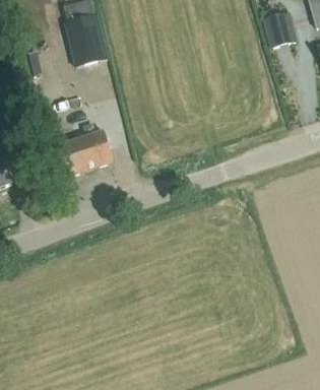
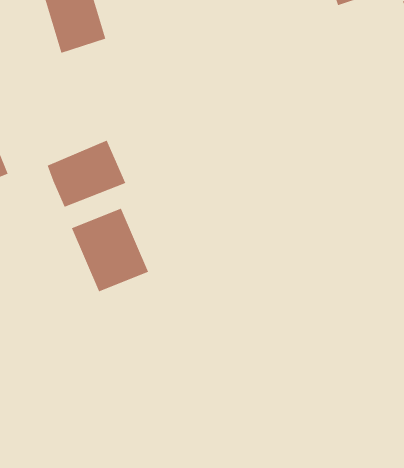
building: none -> [71,208,149,292]

